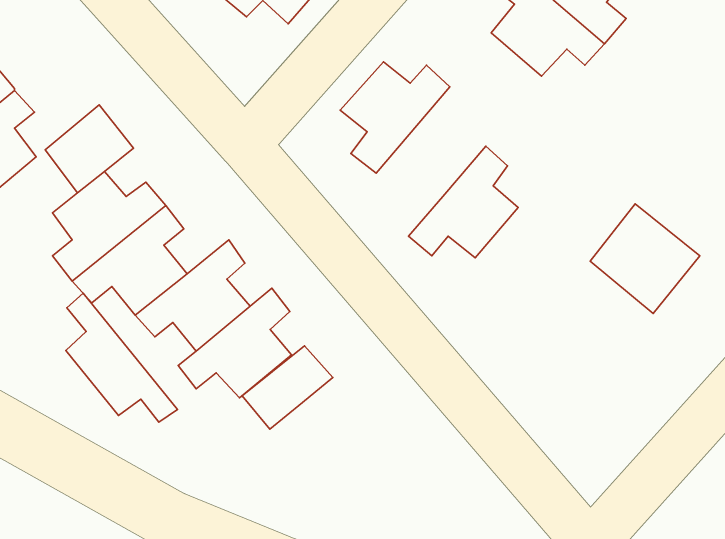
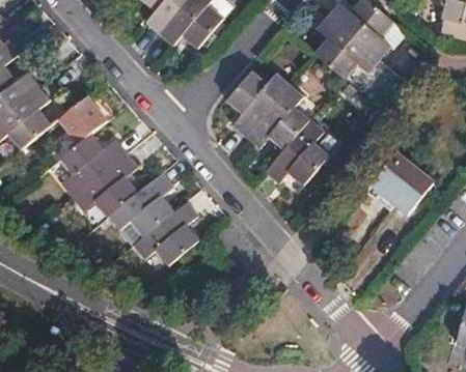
building: none -> [247,85,310,148]
building: [66,293,177,422] -> none
building: [242,346,333,429] -> none

